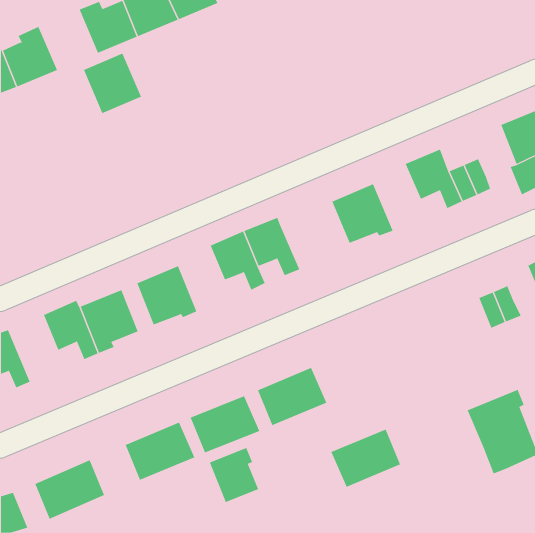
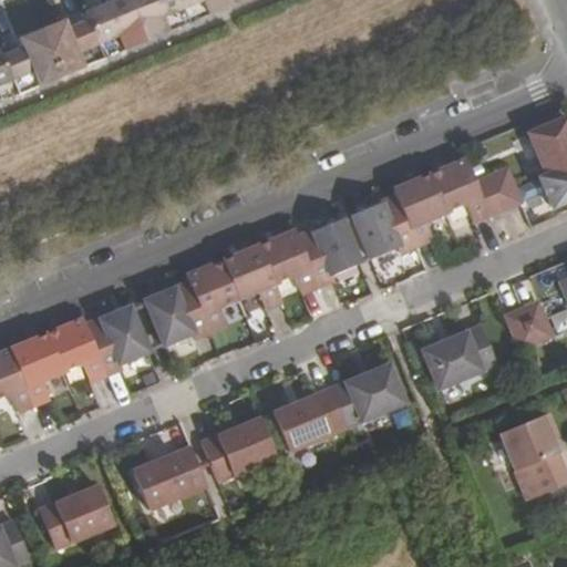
building: [83,53,142,114] -> [42,10,104,74]
building: none -> [393,173,445,244]
building: none -> [297,217,360,285]
building: none -> [186,259,238,329]
building: none -> [422,324,496,386]
building: none -> [10,332,62,403]
building: [331,429,401,488] -> [330,363,404,425]
building: [209,447,259,503] -> none

